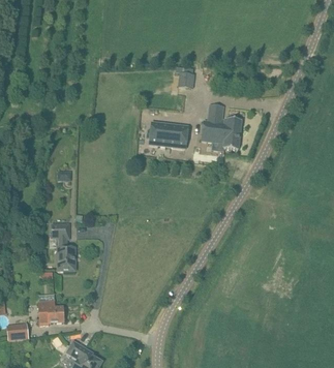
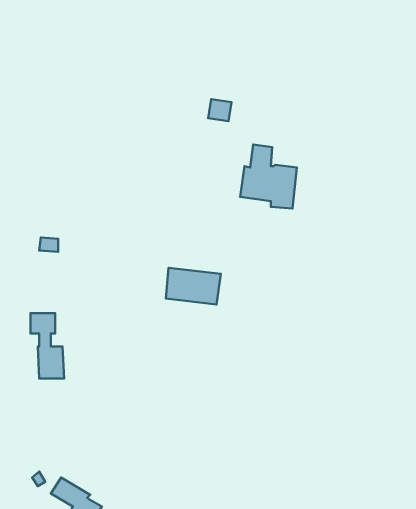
building: [149,122,188,148] -> [166,268,221,304]
building: [39,300,64,324] -> none

